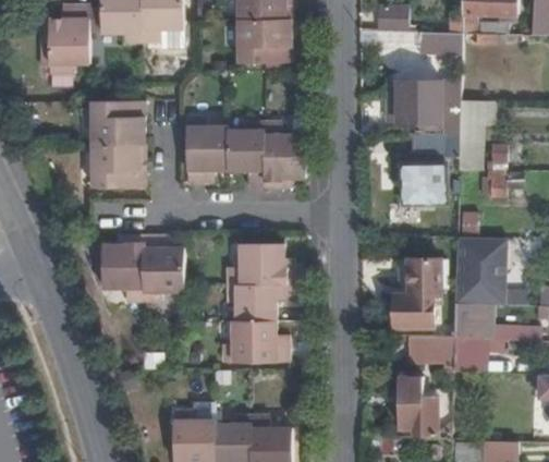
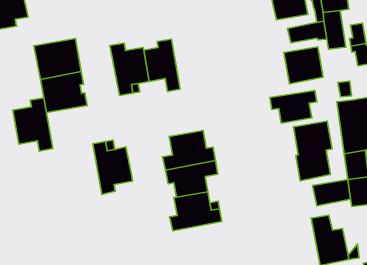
building: [264,122,305,187] -> none
building: none -> [270,90,317,123]
building: [101,236,143,302] -> [13,98,53,151]

